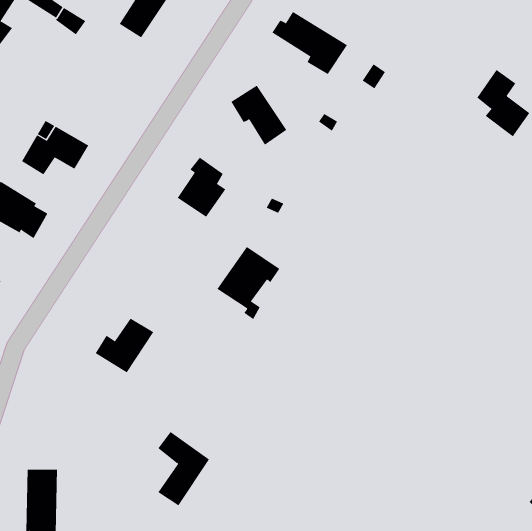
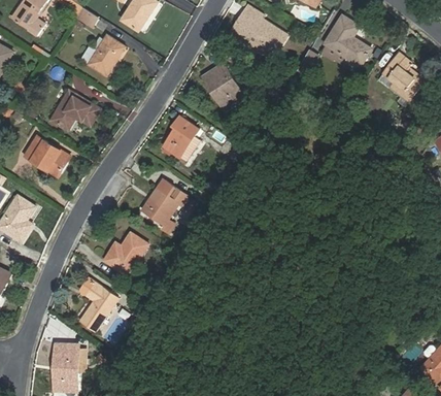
building: none -> [324,15,370,66]
building: none -> [88,35,124,75]
building: [217,246,280,320] -> [141,179,188,233]
building: [157,431,210,506] -> [79,277,117,332]

